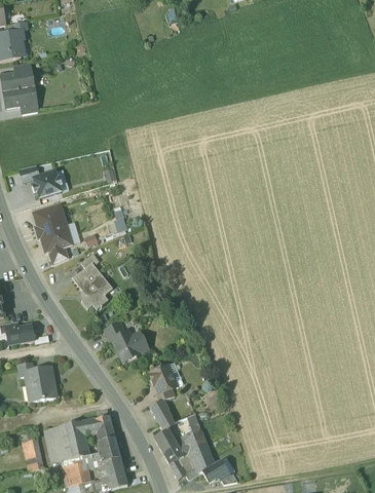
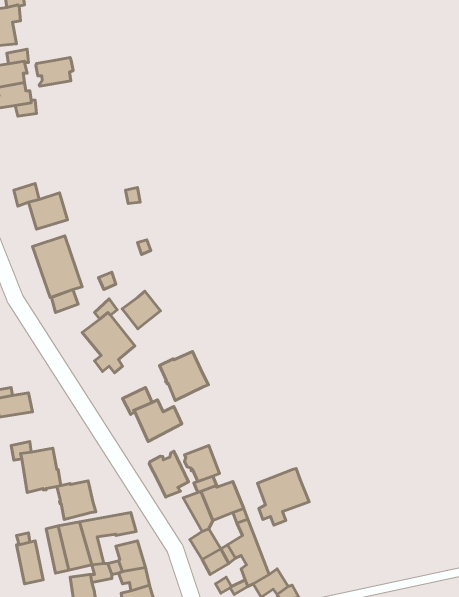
building: none -> [36,58,73,86]
building: none -> [122,291,161,329]
building: none -> [159,351,209,401]
building: none -> [149,451,189,497]
building: none -> [258,469,309,525]
building: none -> [57,481,96,519]

